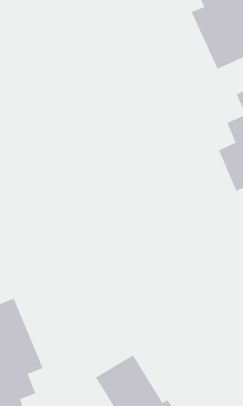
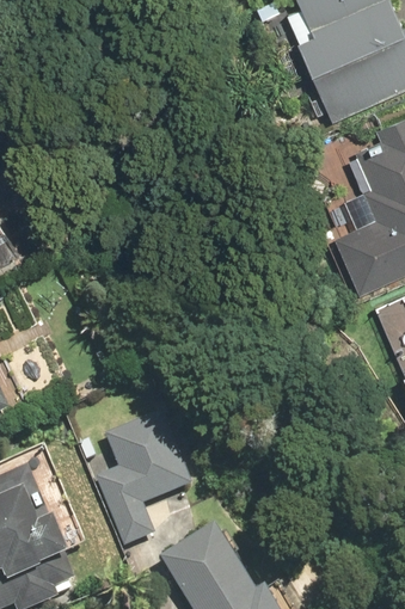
building: none -> [97,413,194,547]

